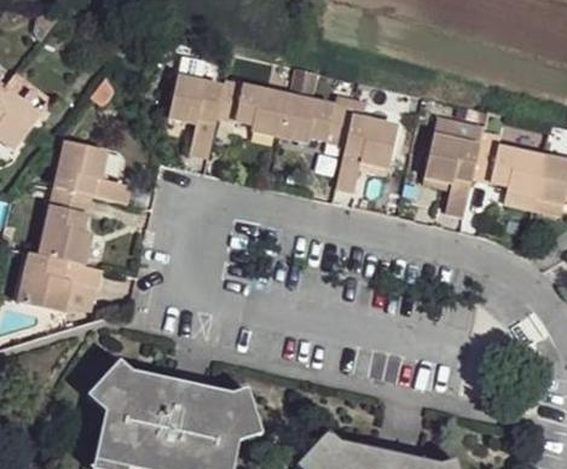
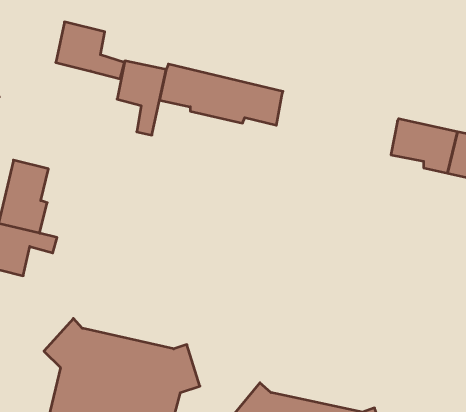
building: [336,112,398,191] -> none
building: [424,131,480,214] -> none
building: [54,139,131,202] -> [56,22,124,79]

